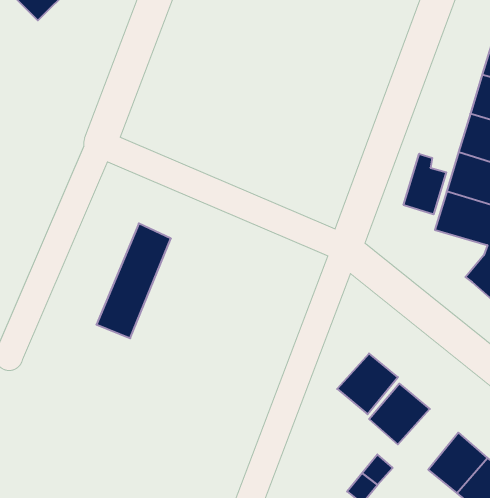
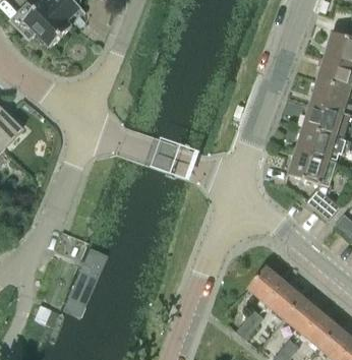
building: [404,154,446,214] -> none
building: [96,223,171,338] -> [62,247,107,316]
building: [337,353,398,414] -> [266,282,302,318]

